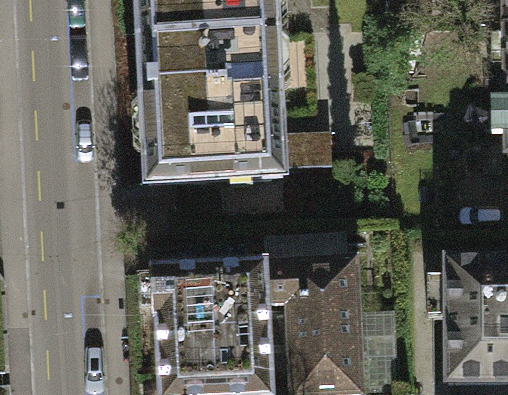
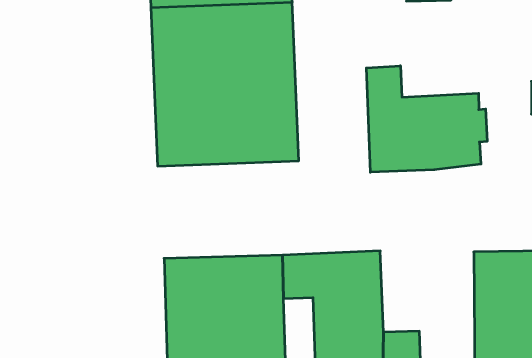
building: none -> [366,66,487,172]

